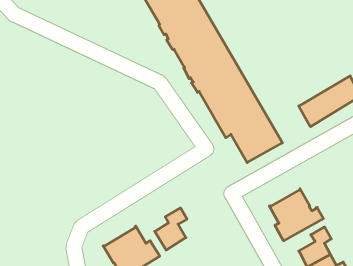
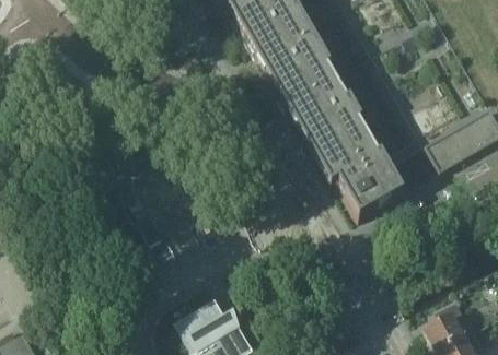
building: [269,189,323,241] -> none
building: [155,208,187,250] -> none

